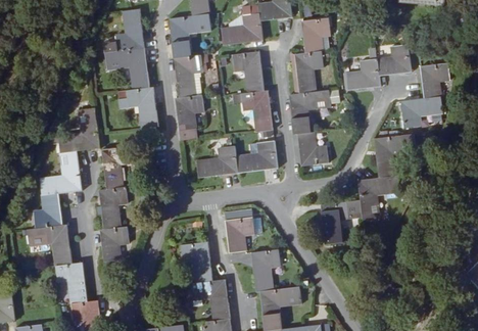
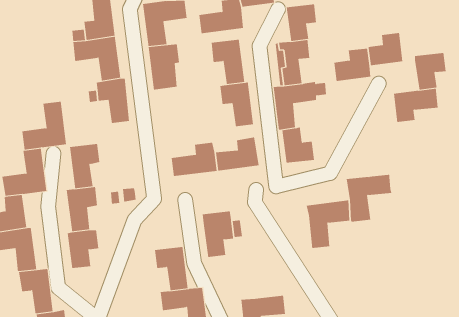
building: [175,95,203,140] -> none
building: [374,134,415,178] -> none
building: [251,249,280,292] -> none

